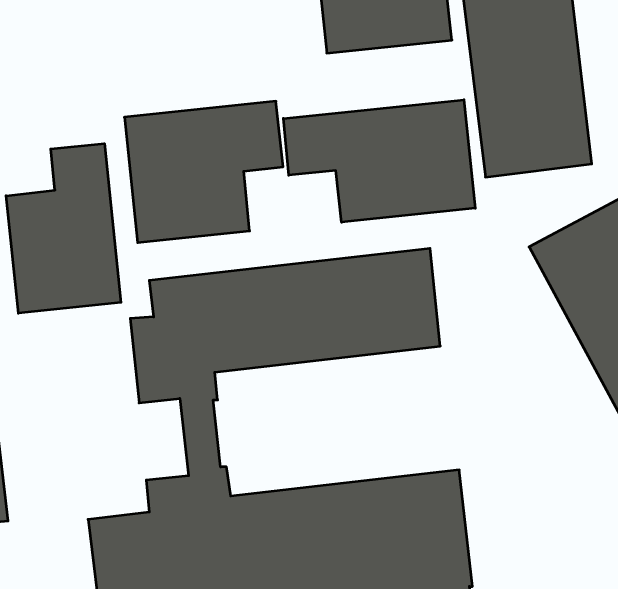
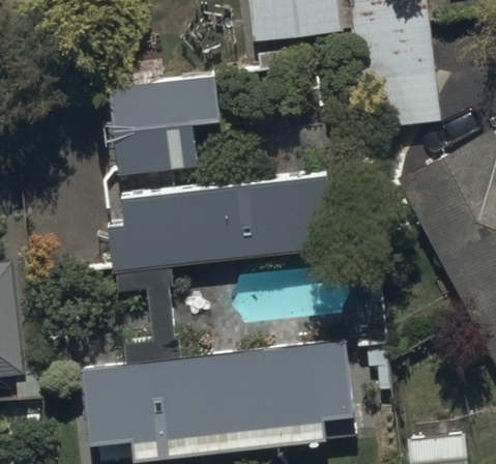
building: [283,100,475,222] -> none
building: [6,144,121,313] -> none

